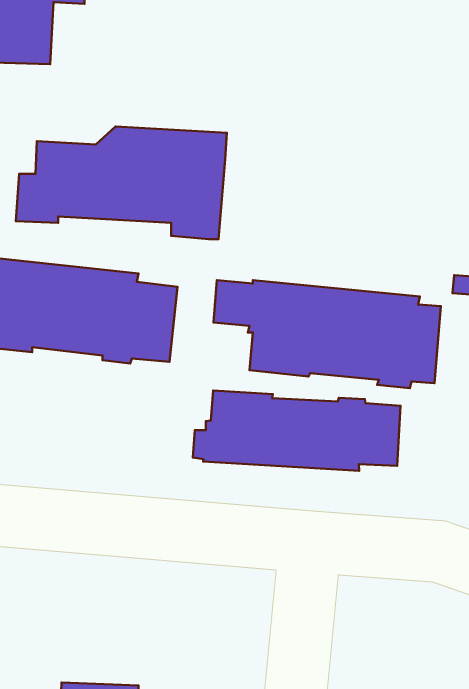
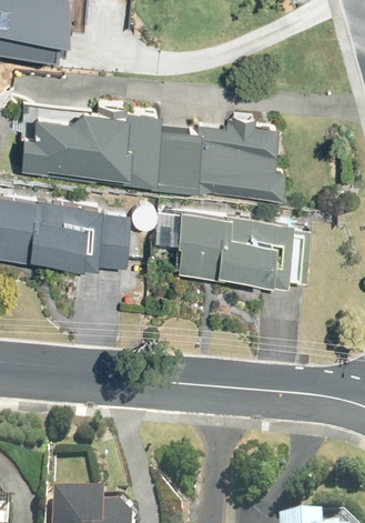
building: none -> [152,119,286,199]
building: [193,391,401,471] -> none

